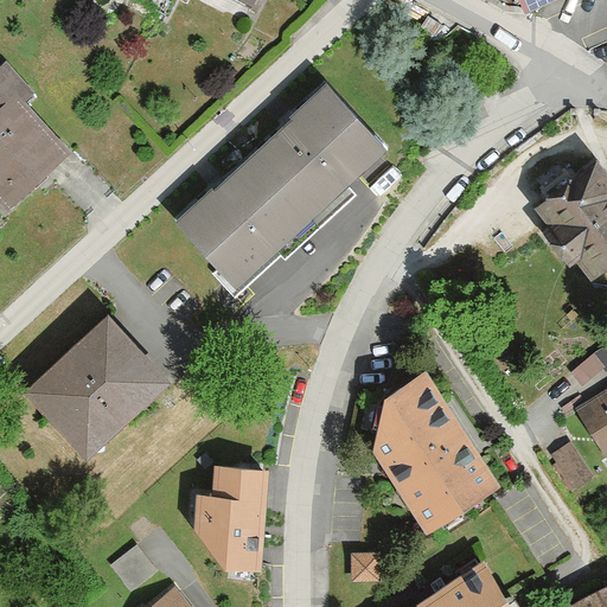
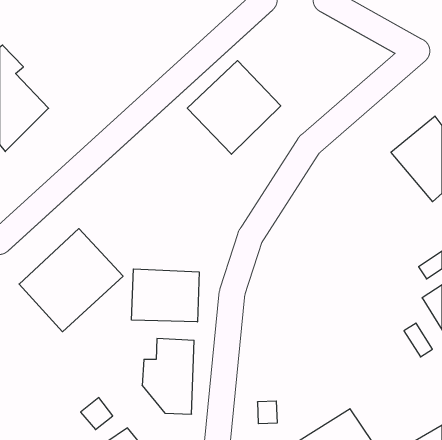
building: [179,152,317,288] -> none
building: none -> [132,269,199,322]
building: [373,372,499,533] -> none

